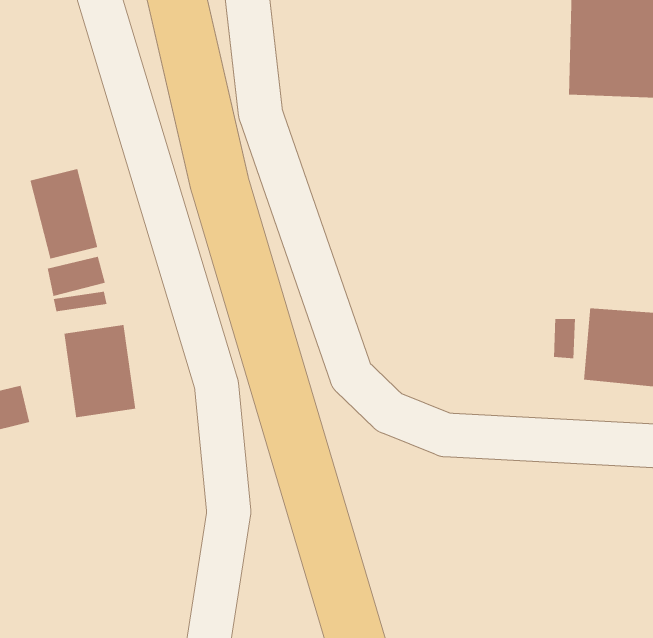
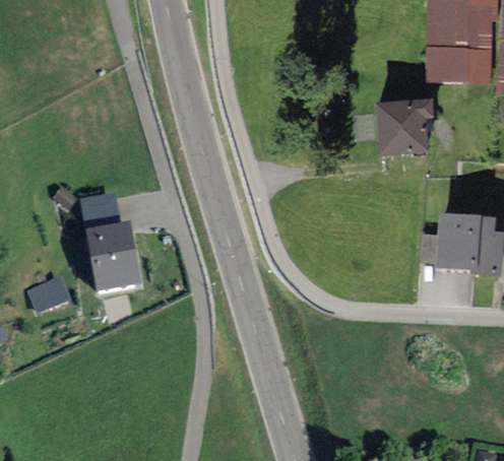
building: none -> [381,105,428,153]
building: [30,168,98,260] -> none

